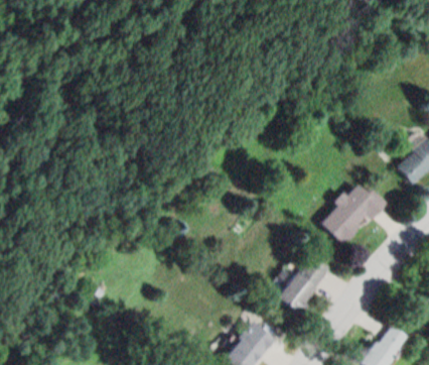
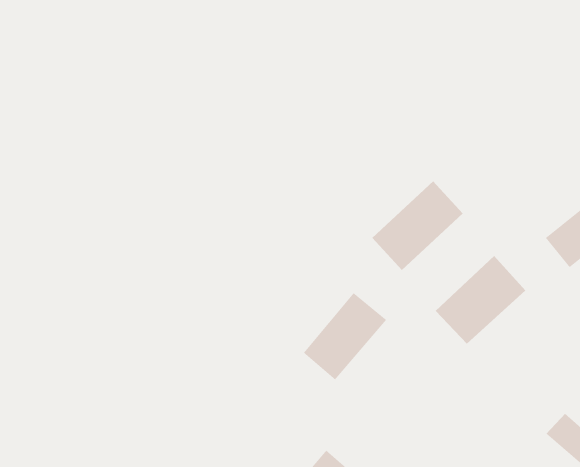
building: none -> [372,180,463,271]
building: [275,252,330,313] -> [303,292,387,380]

